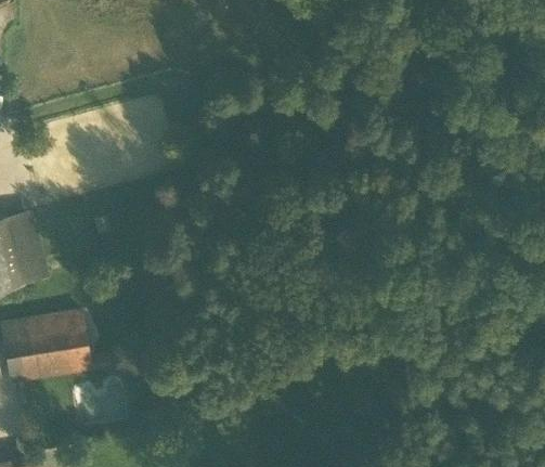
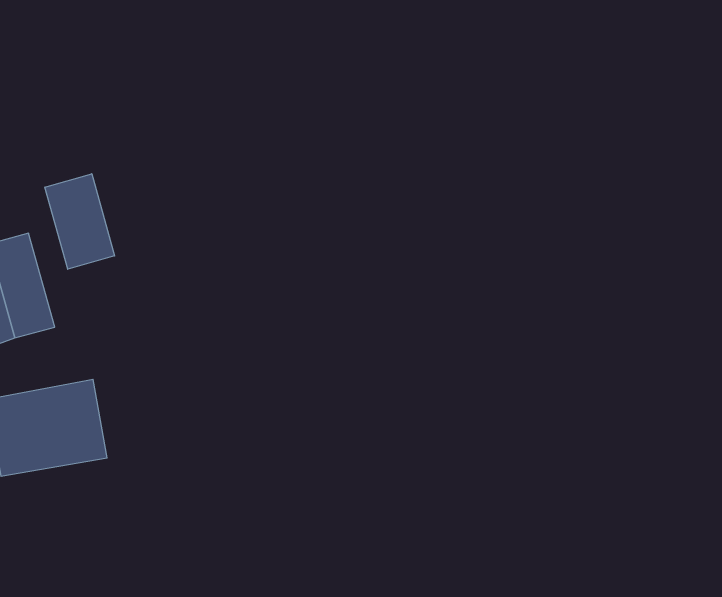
building: none -> [45,174,115,269]

